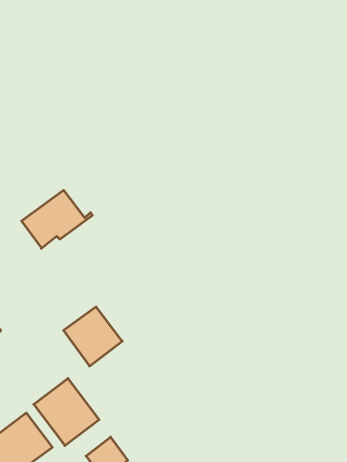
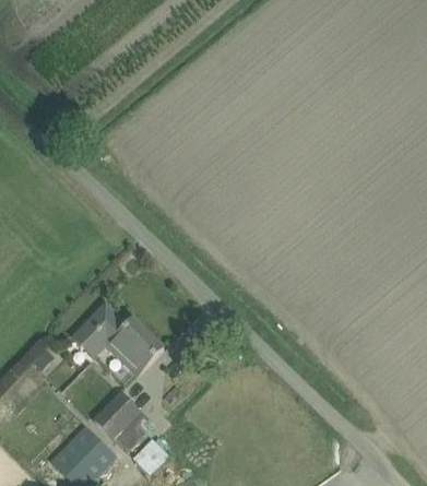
building: [22,190,92,248] -> [71,303,134,358]

